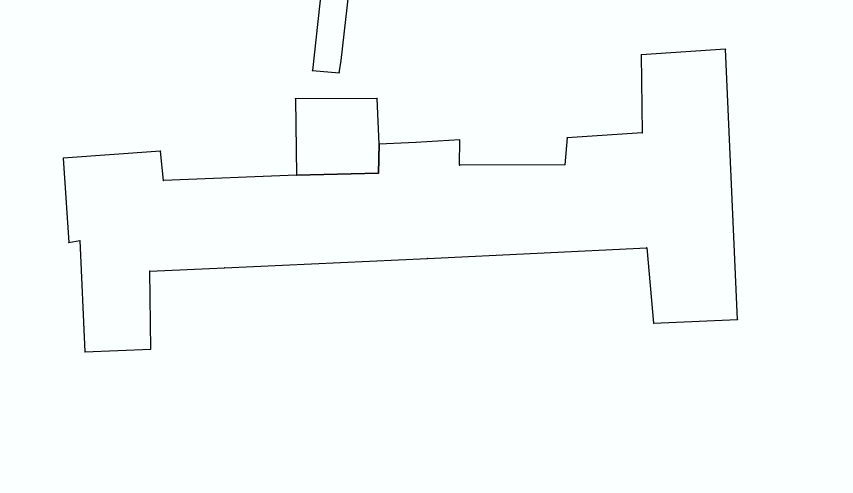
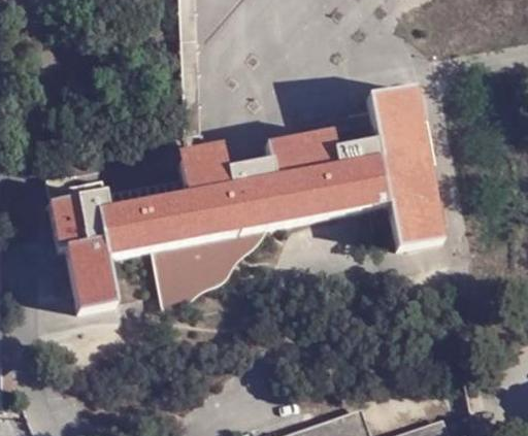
building: none -> [269,124,335,170]
building: none -> [151,226,265,303]

